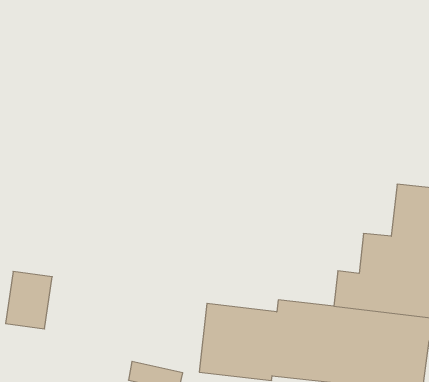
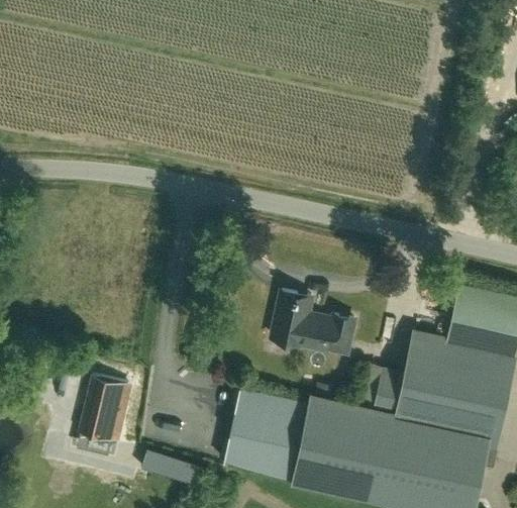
building: none -> [273,293,354,354]
building: [6,271,52,329] -> [79,376,135,442]

